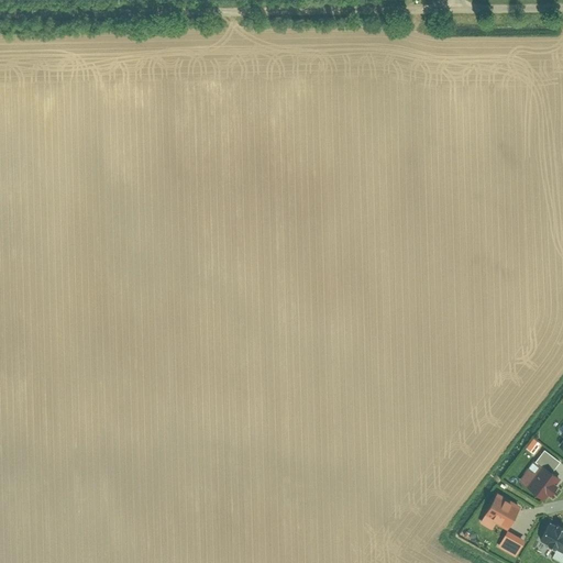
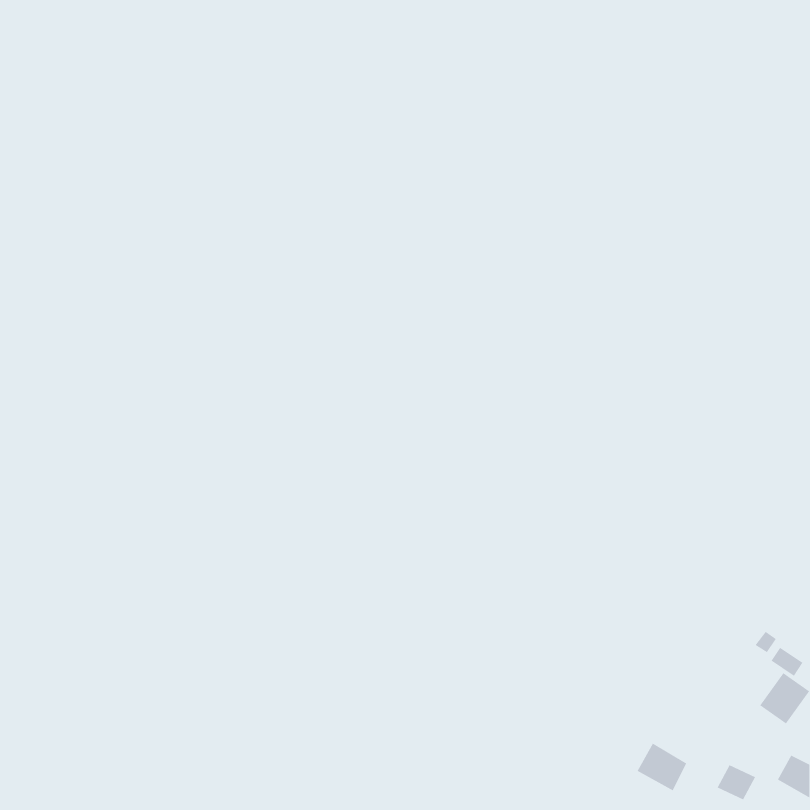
building: [486,495,521,529] -> [637,742,687,792]

